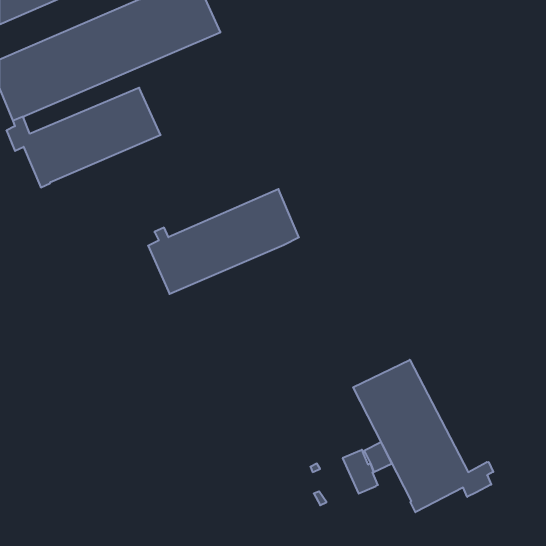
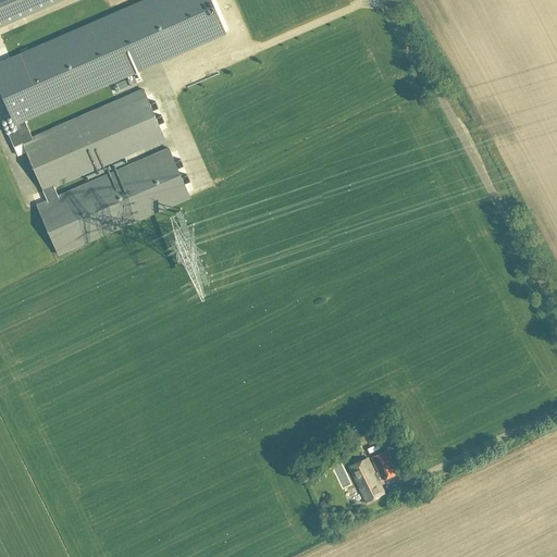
building: [148,189,299,294] -> [35,147,188,253]
building: [353,360,493,512] -> none

